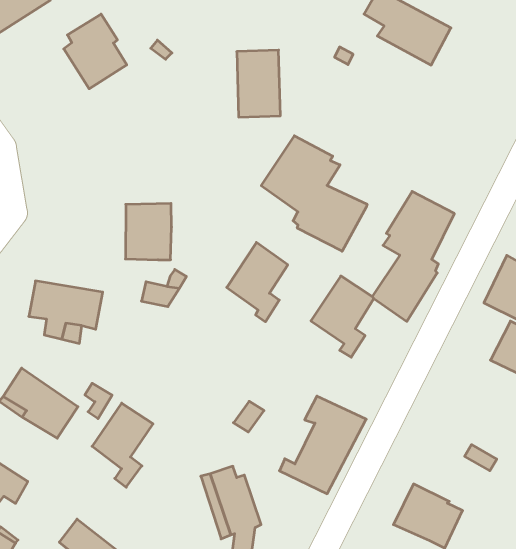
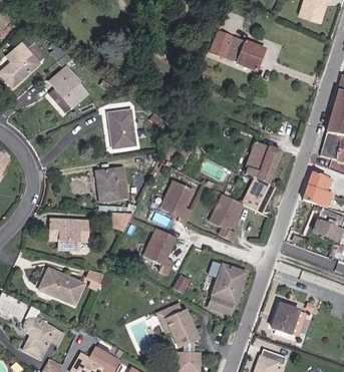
building: [237,50,280,117] -> [108,108,137,148]
building: [261,136,367,251] -> none
building: [92,403,153,487] -> [144,229,177,275]

